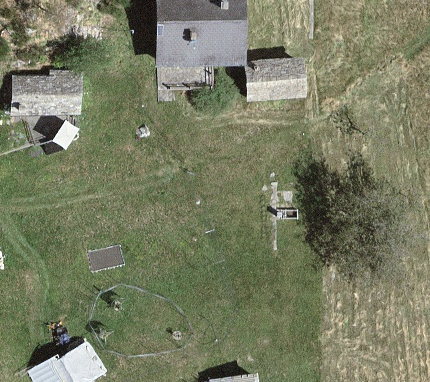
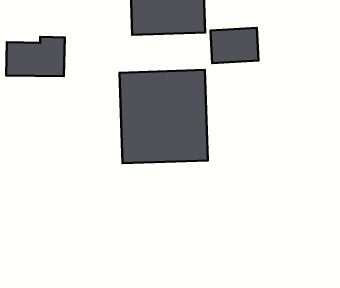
building: none -> [120,70,208,163]

